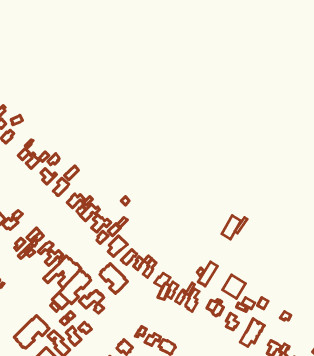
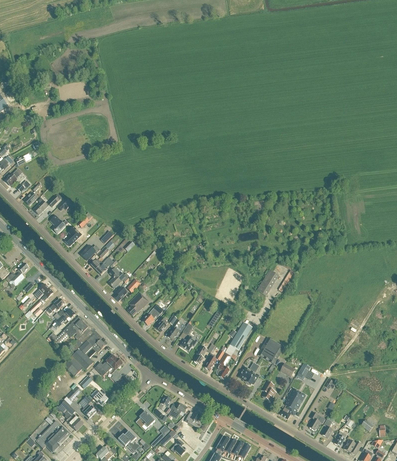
building: [100,264,128,293] -> none
building: [14,316,49,348] -> none

